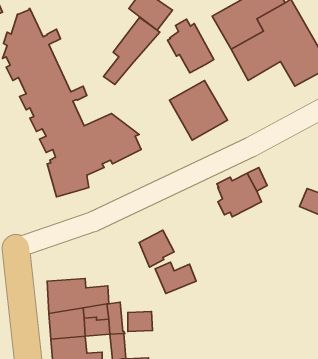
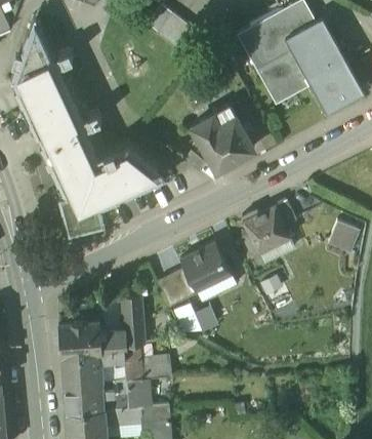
building: [104,18,160,85] -> none
building: [167,19,214,73] -> none
building: none -> [181,242,233,291]
building: none -> [122,295,146,348]

